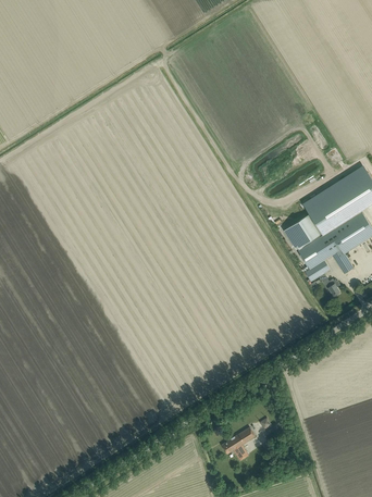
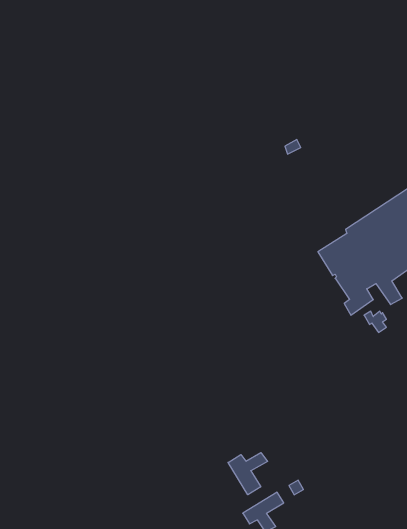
building: none -> [228,453,268,495]

